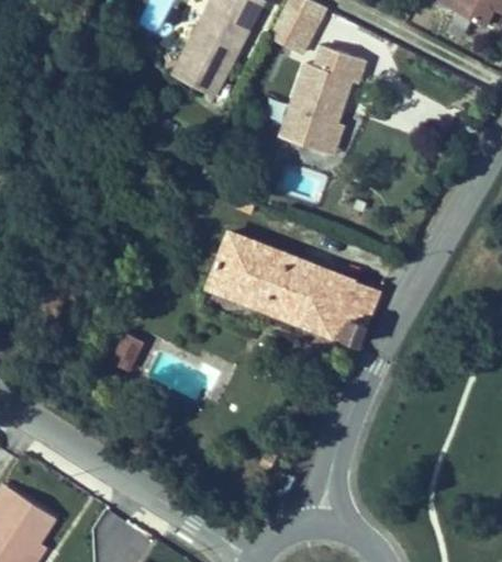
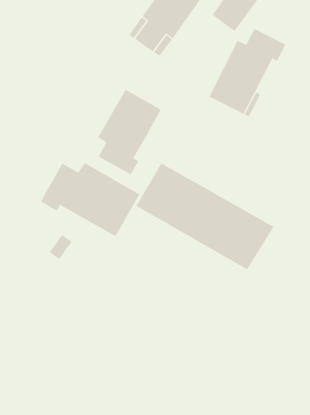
building: none -> [97,89,161,175]
building: none -> [40,162,140,237]

